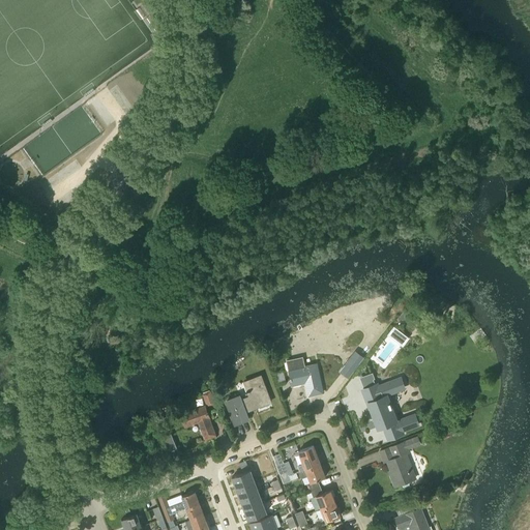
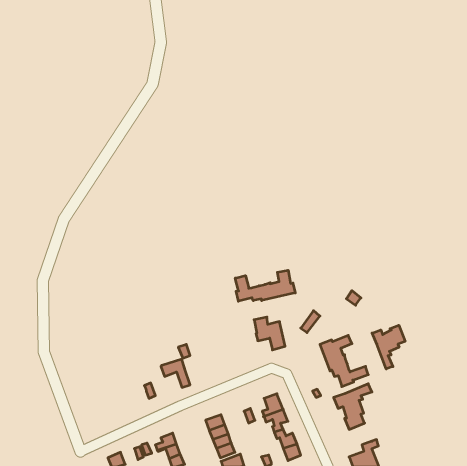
building: none -> [235,270,295,301]
building: none -> [372,325,405,369]
building: [227,377,270,424] -> none

